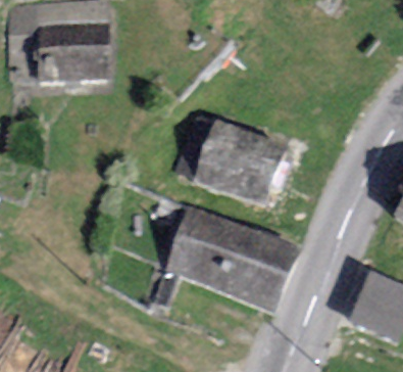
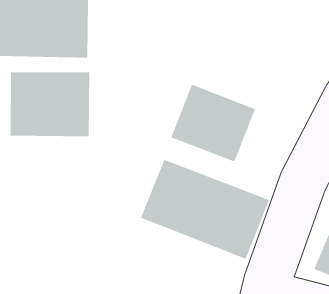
building: none -> [10,71,90,137]

